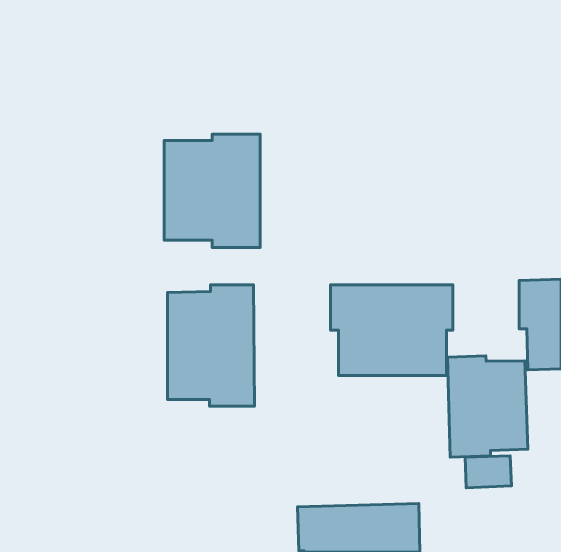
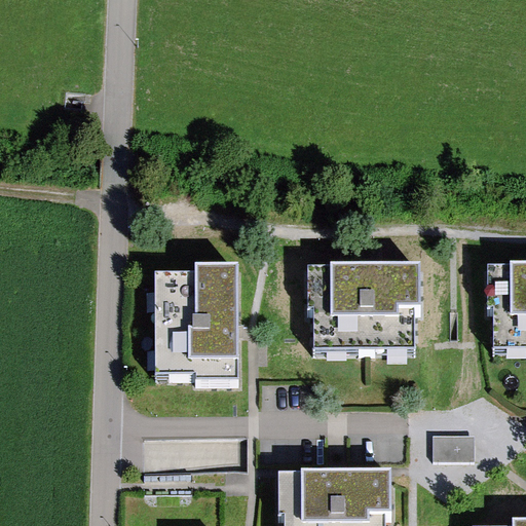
building: [164,134,260,247] -> none
building: [447,356,528,457] -> none

